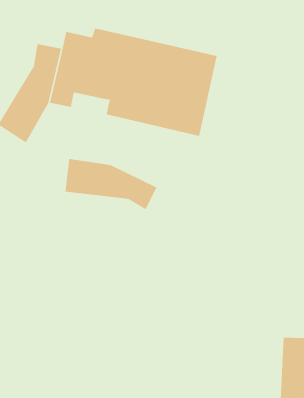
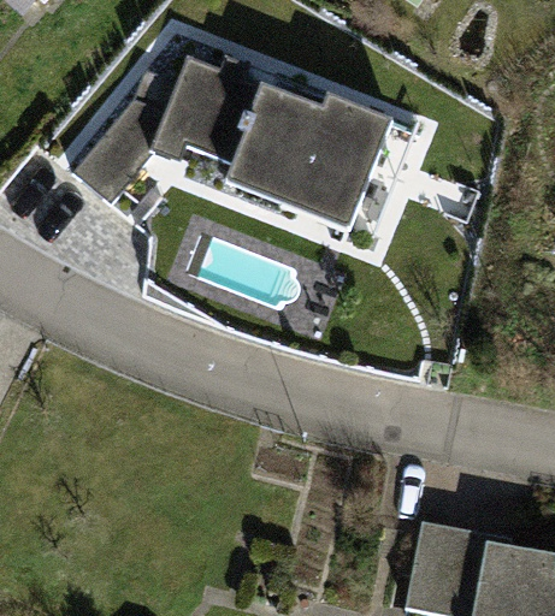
building: [65,158,157,210] -> none

